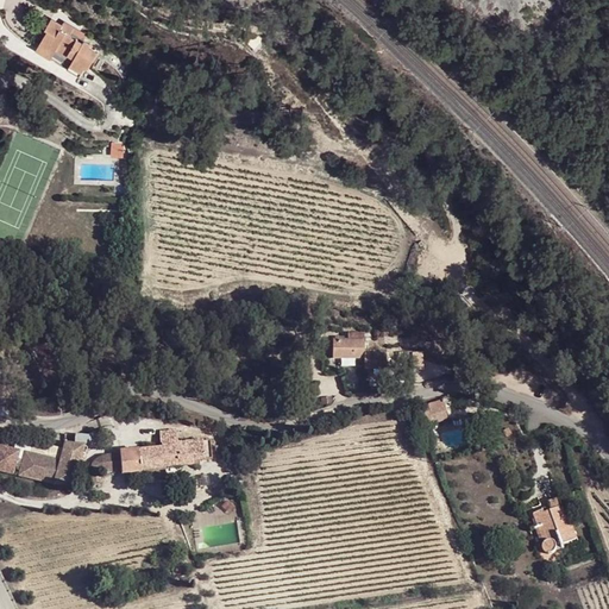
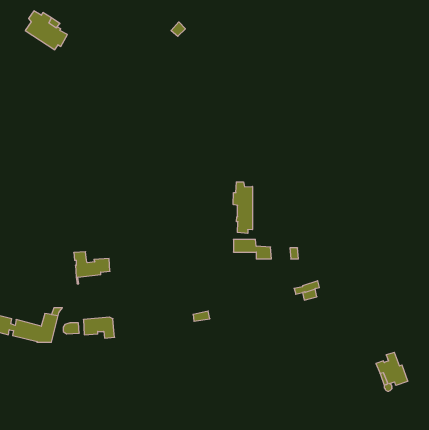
building: none -> [233,182,252,233]
building: [157,431,208,476] -> [74,252,110,284]

